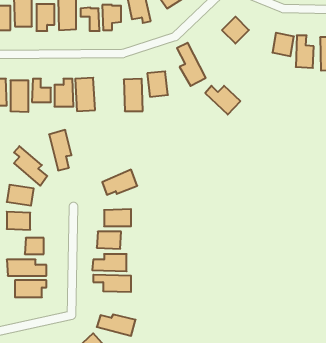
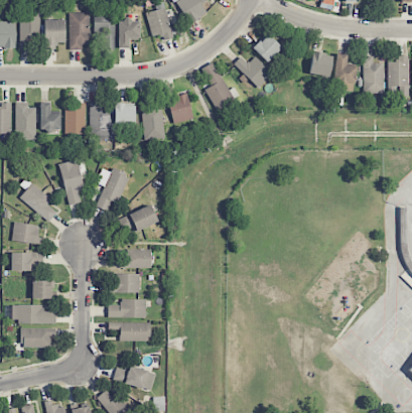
building: none -> [115,104,136,124]
building: [205,86,240,115] -> [234,56,273,89]
building: none -> [96,168,130,212]

